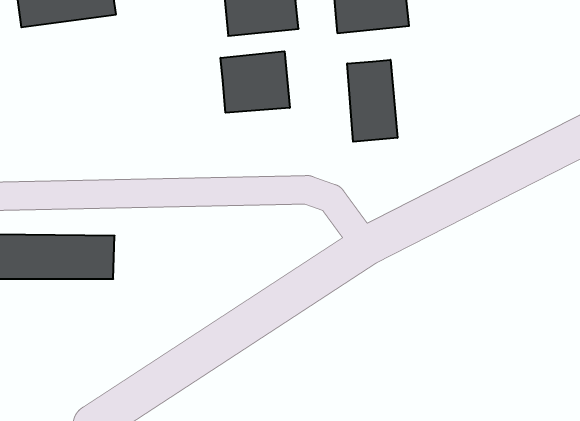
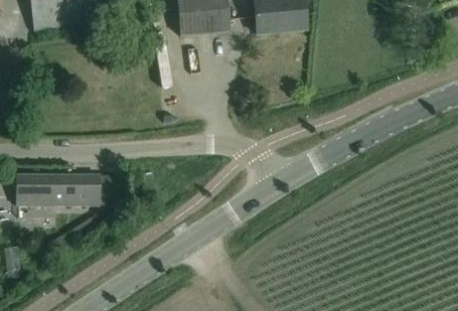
building: [221,51,290,113] -> none
building: [347,60,397,142] -> none

